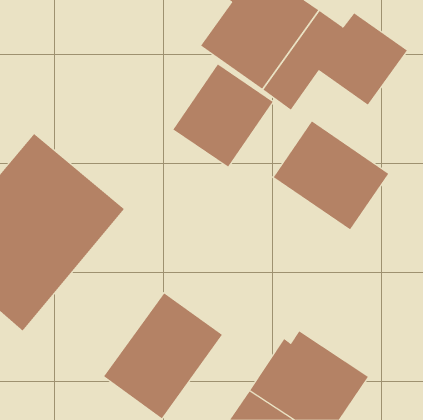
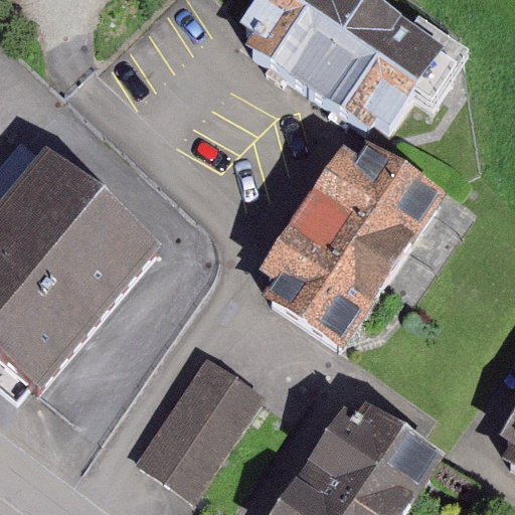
building: [173,64,273,168] -> none
building: none -> [276,211,417,346]

